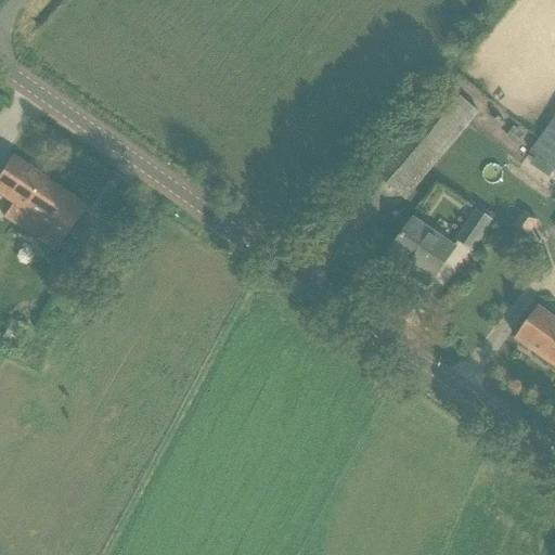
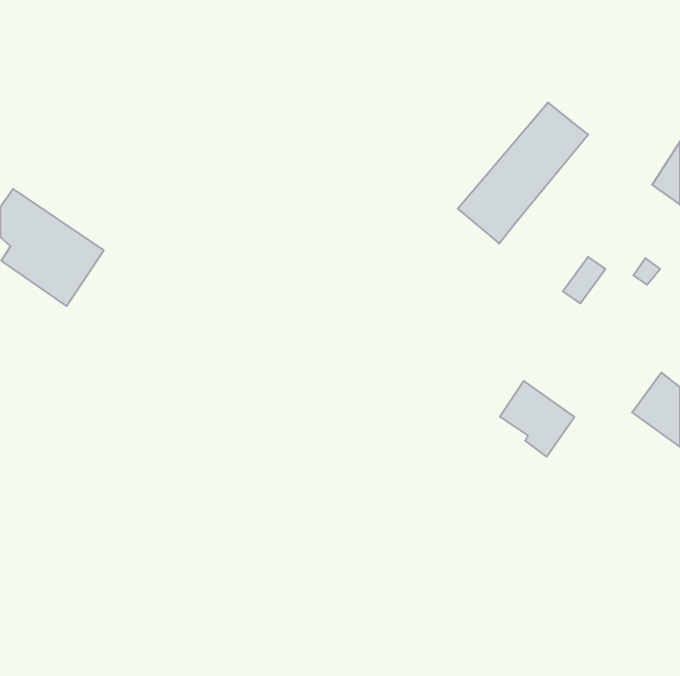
building: [393,217,454,279] -> [500,381,574,457]

